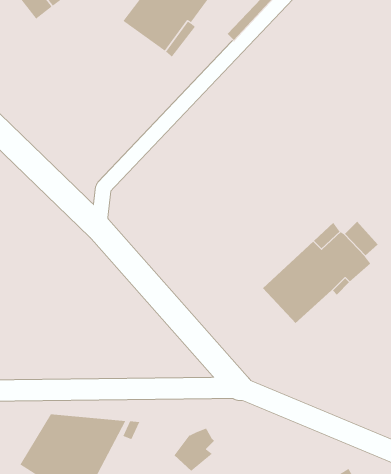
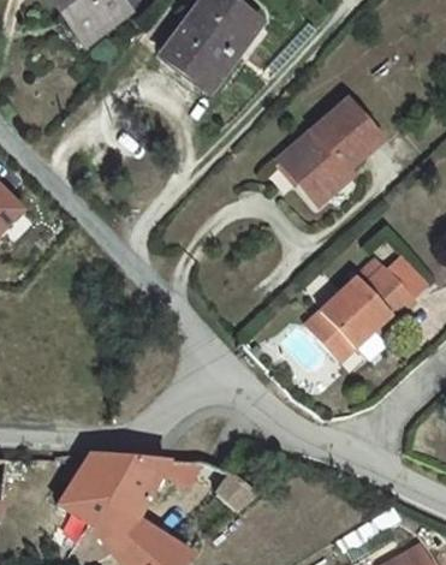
building: none -> [278,101,380,206]

